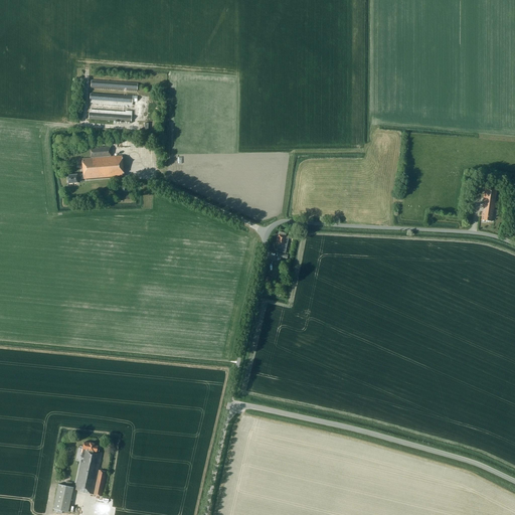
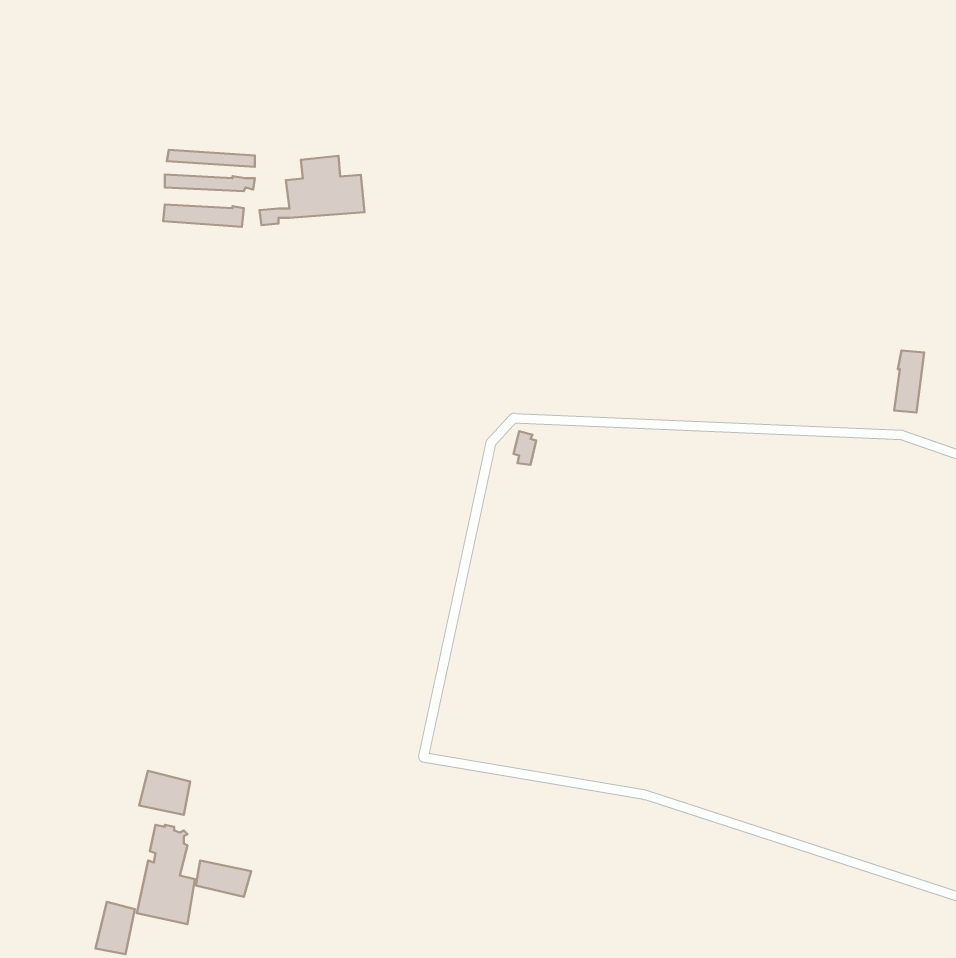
building: [66,146,123,183] -> [260,156,365,225]
building: none -> [139,771,190,815]
building: none -> [196,860,251,897]

